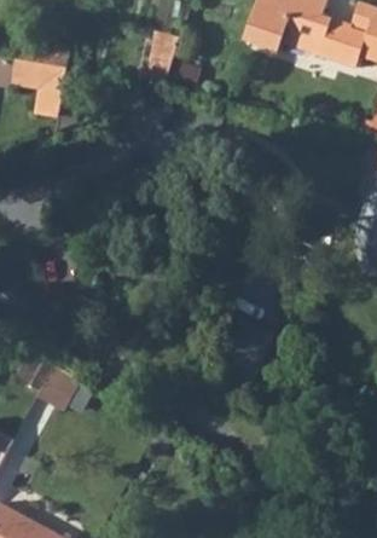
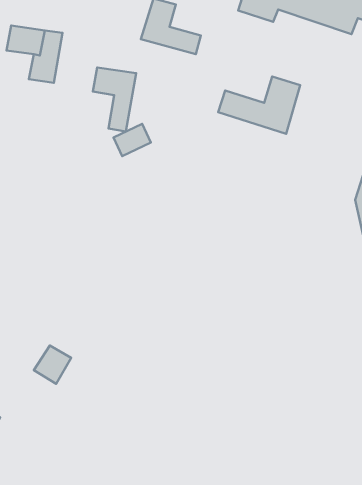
building: none -> [93,67,136,132]
building: none -> [218,76,300,134]

